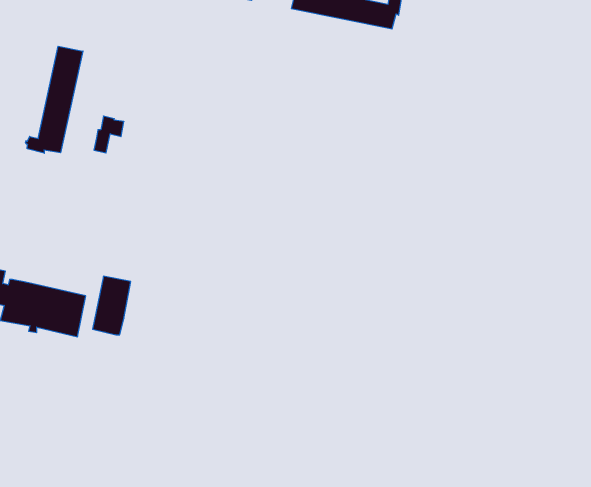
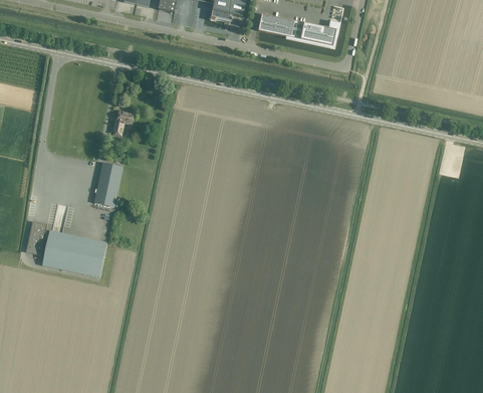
building: [26,46,83,153] -> none
building: [93,276,131,335] -> [93,162,122,205]

